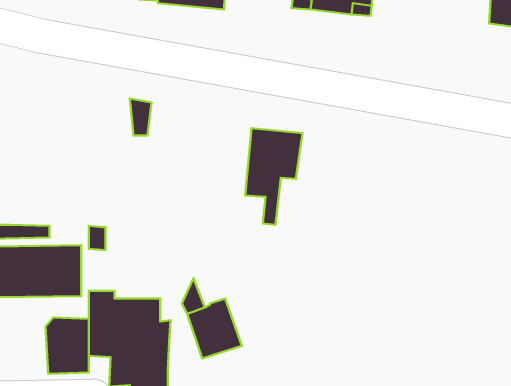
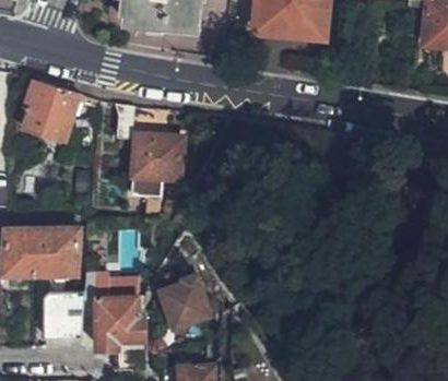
building: none -> [20,81,79,139]
building: [245,128,302,225] -> [130,133,179,216]

